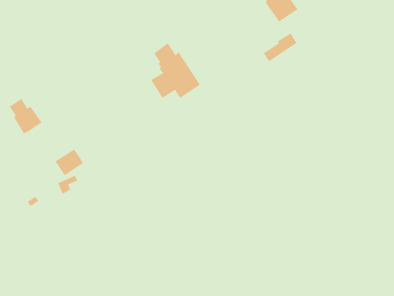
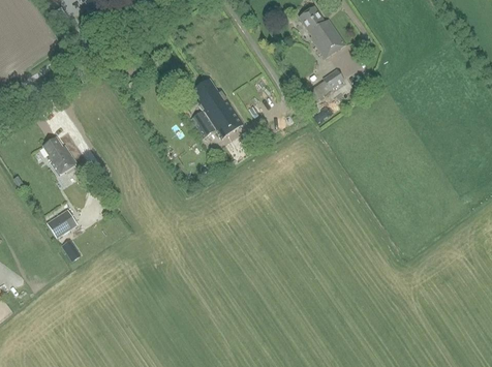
building: [55,148,84,176] -> [45,209,76,238]

